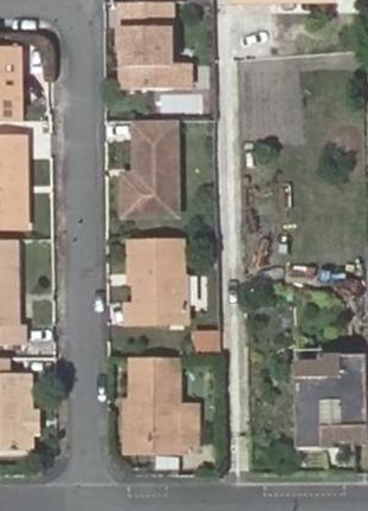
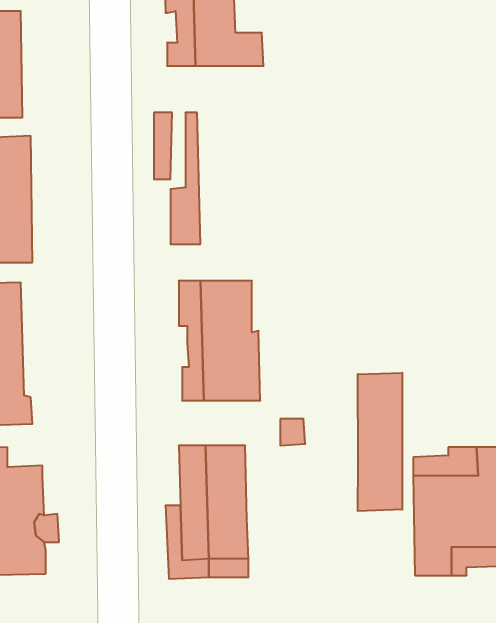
building: [143,118,177,213] -> none
building: none -> [358,373,402,511]

